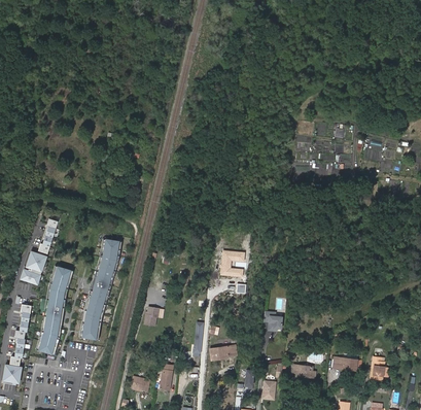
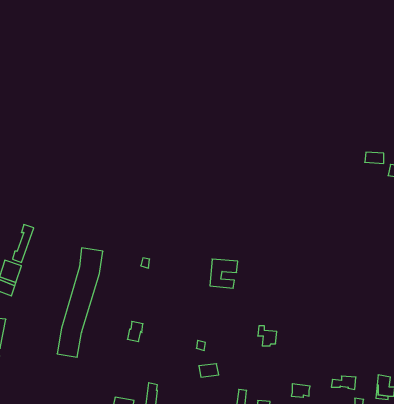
building: [35,265,73,354] -> none

